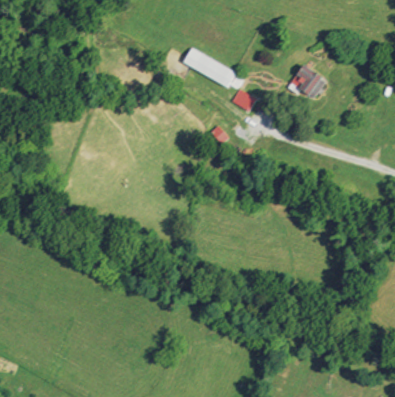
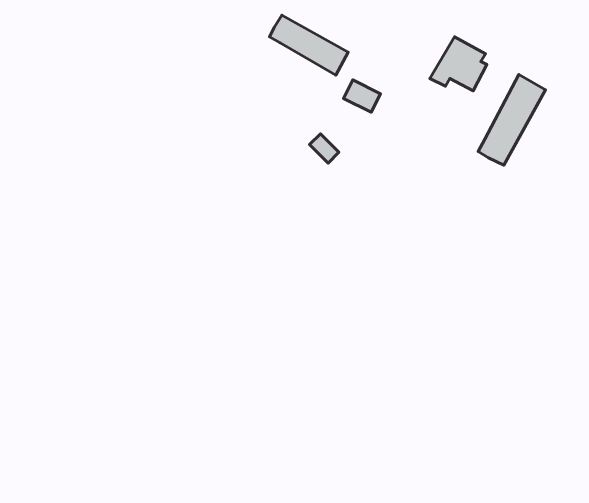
building: none -> [478,74,546,165]

